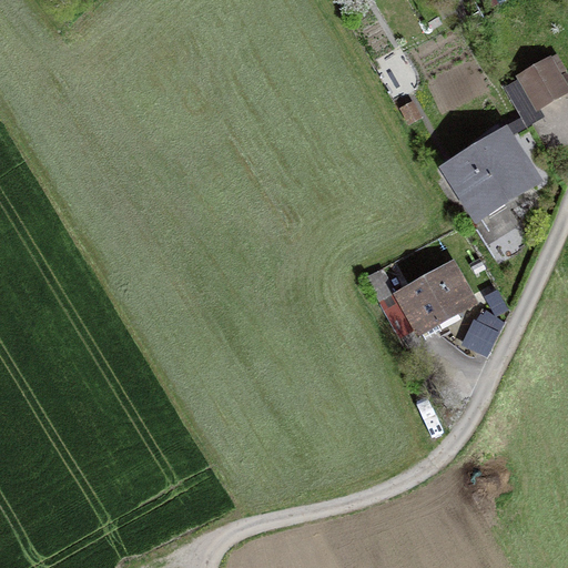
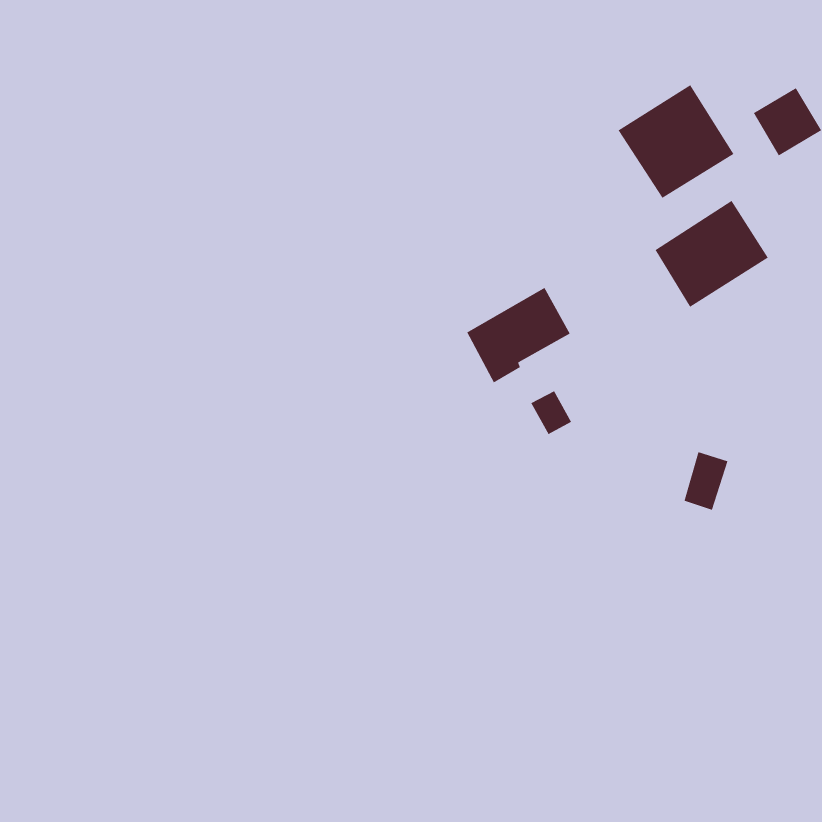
building: none -> [618,84,735,199]
building: [397,265,469,332] -> [466,287,571,384]

